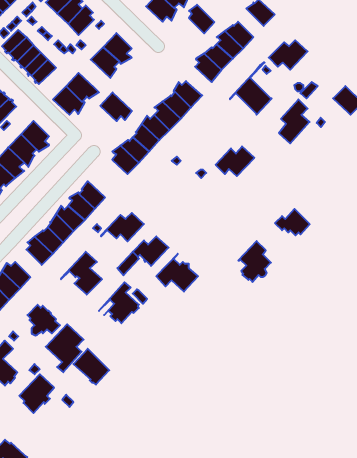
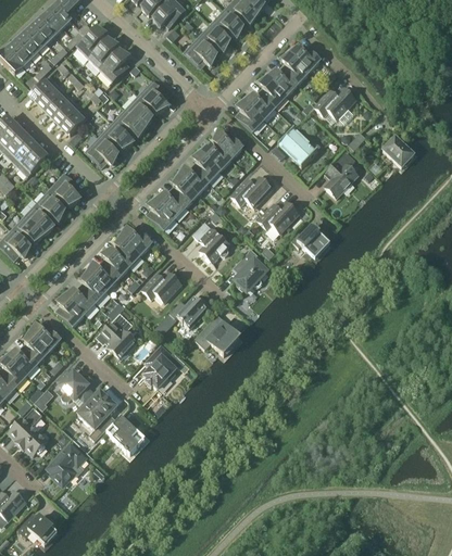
building: [189,5,214,33] -> [281,53,309,84]
building: [100,92,132,121] -> [112,108,146,138]
building: none -> [230,175,272,206]
building: none -> [193,222,228,265]
building: none -> [122,226,152,254]
building: [275,209,310,235] -> [291,224,328,252]
building: [238,241,271,282] -> [231,248,266,291]

